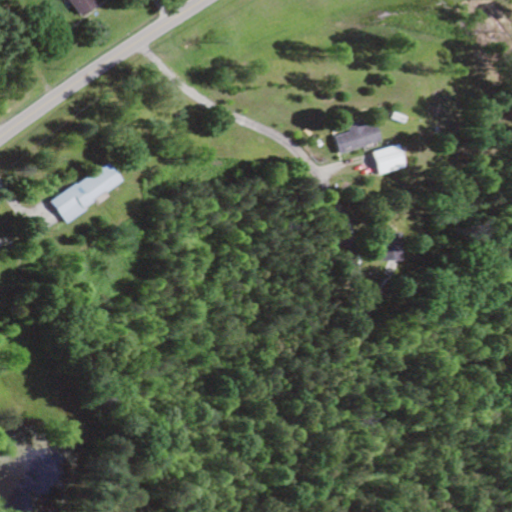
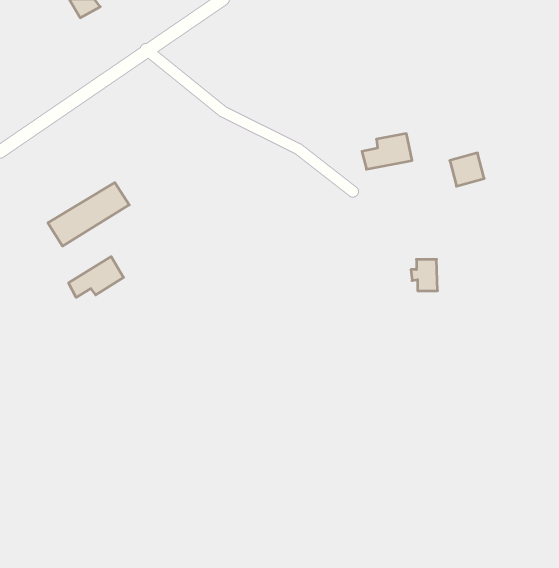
building: [372,145,403,175] -> [450,153,484,186]
building: none -> [69,257,124,297]

